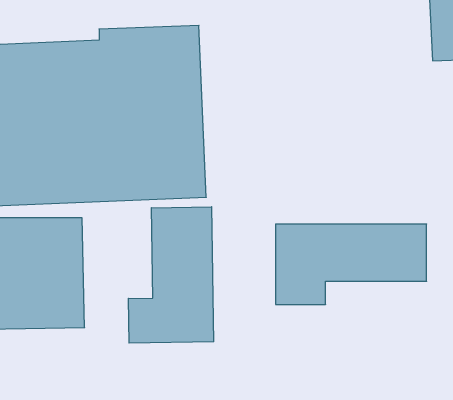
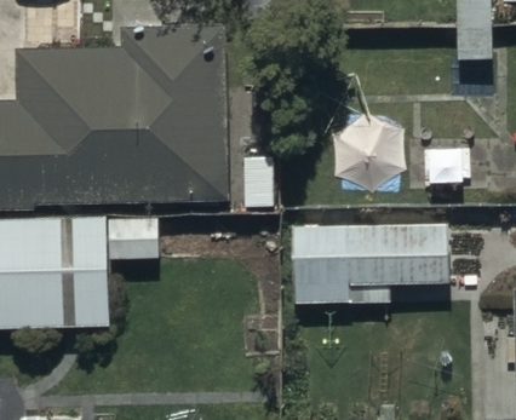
building: [128,207,214,343] -> none

